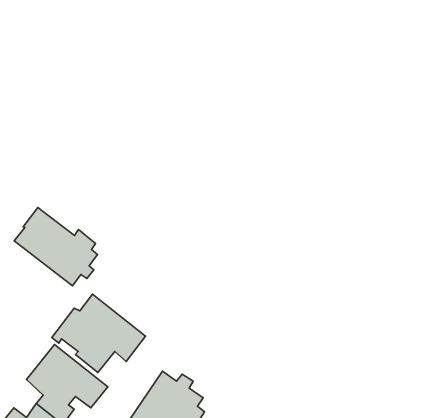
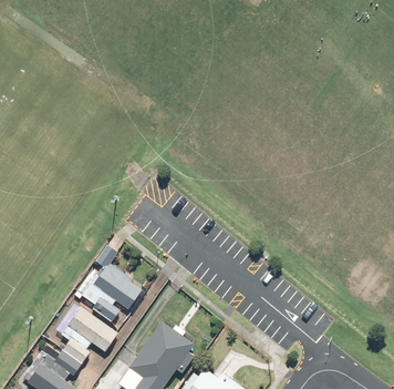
building: [14,207,98,286] -> none

